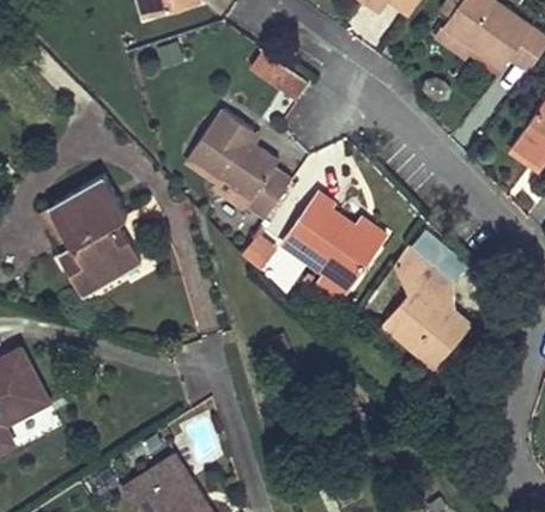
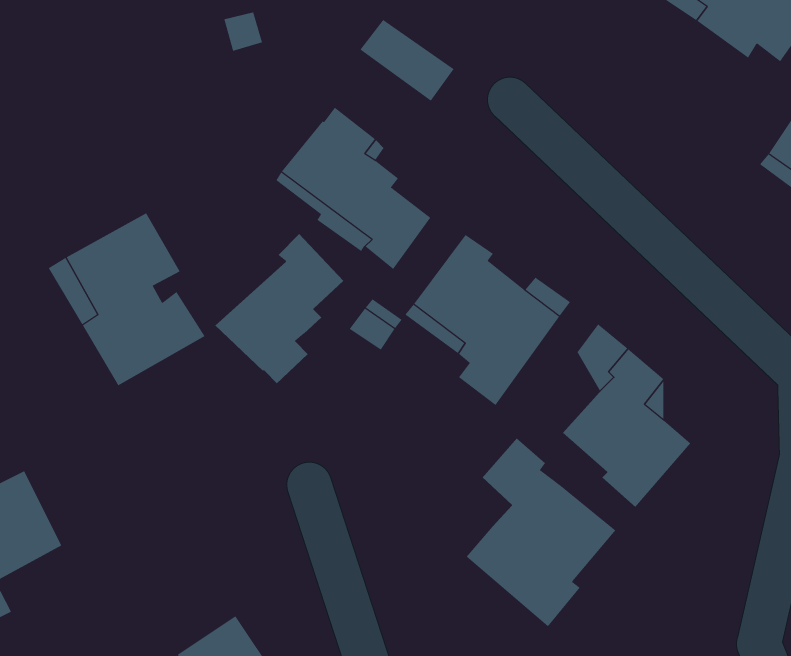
building: none -> [215,233,344,384]
building: none -> [466,438,616,627]

